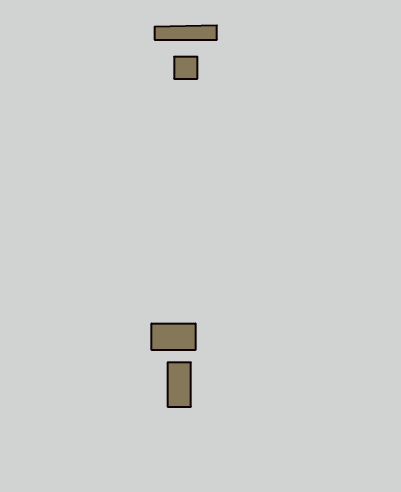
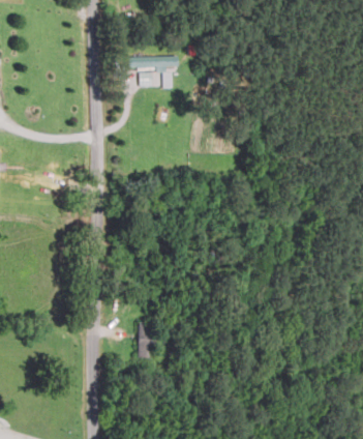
building: [152,323,195,350] -> none

